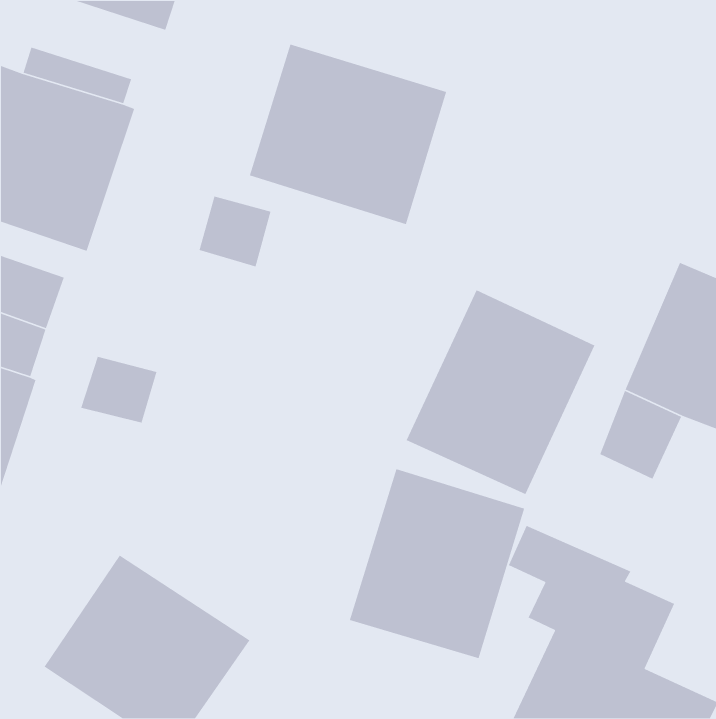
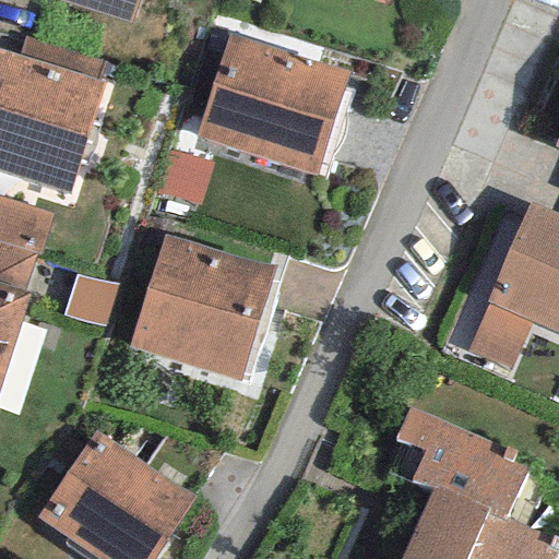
building: [406,289,595,495] -> none
building: none -> [128,235,275,382]
building: [349,468,525,659] -> none

